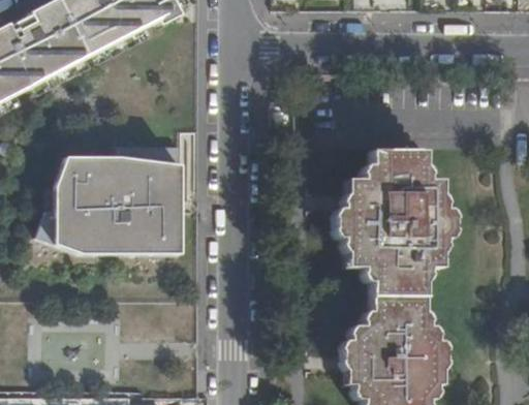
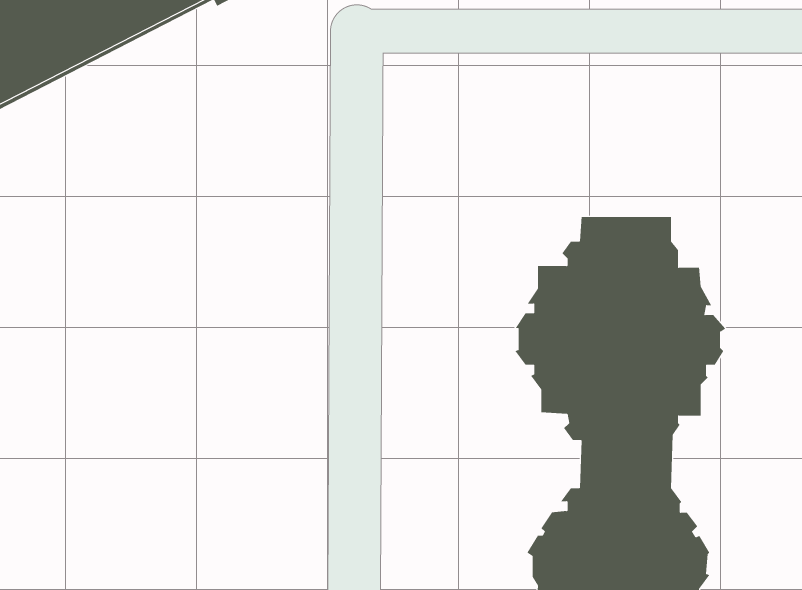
building: [39,145,185,252] -> none

